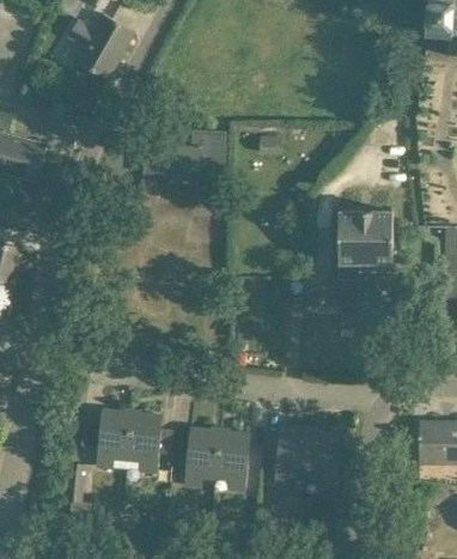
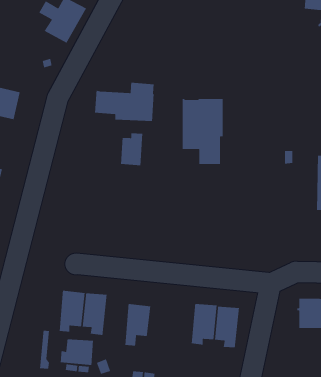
building: none -> [120,133,143,166]
building: [336,209,392,299] -> [182,98,224,165]
building: [215,431,250,490] -> none
building: none -> [60,338,94,366]

